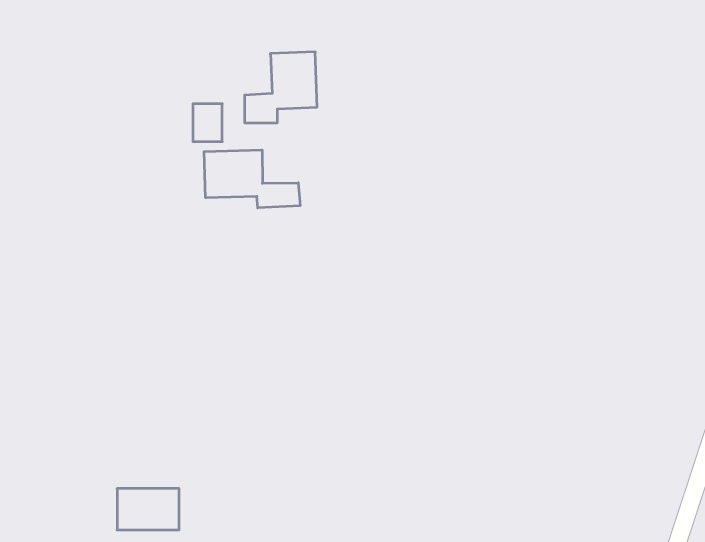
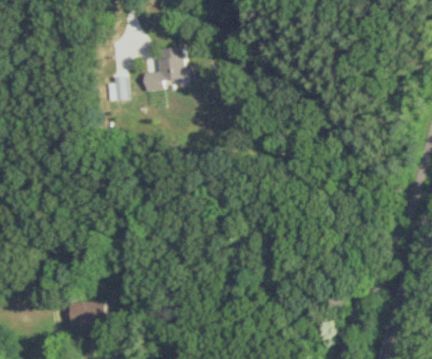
building: [204,150,300,208] -> none

